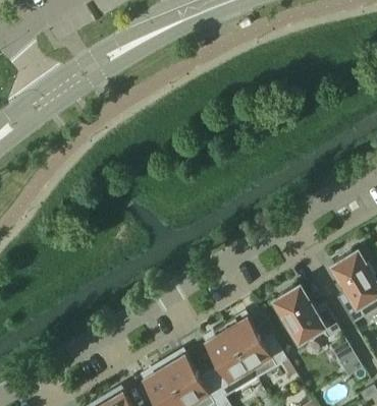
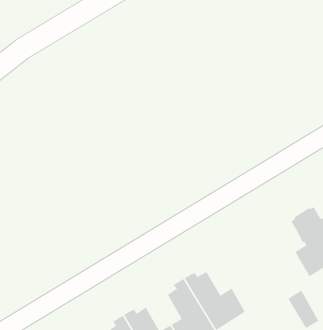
building: [274,287,339,342] -> none

